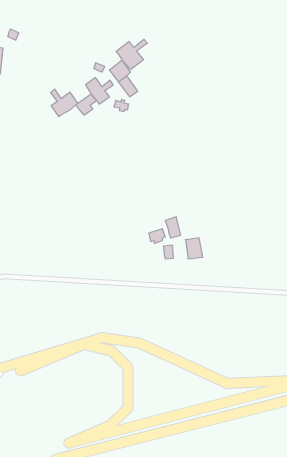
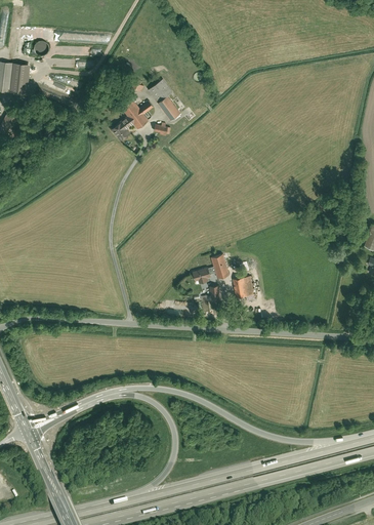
building: [116,39,147,70] -> none
building: [51,89,78,117] -> none

